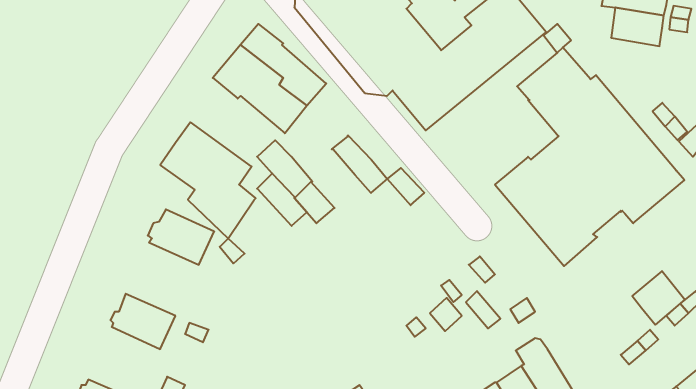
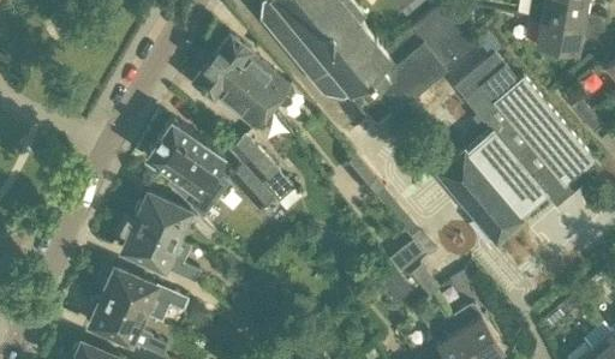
building: [332,135,387,193] -> none
building: none -> [124,223,201,283]
building: [632,271,685,325] -> none
building: none -> [90,297,145,345]

